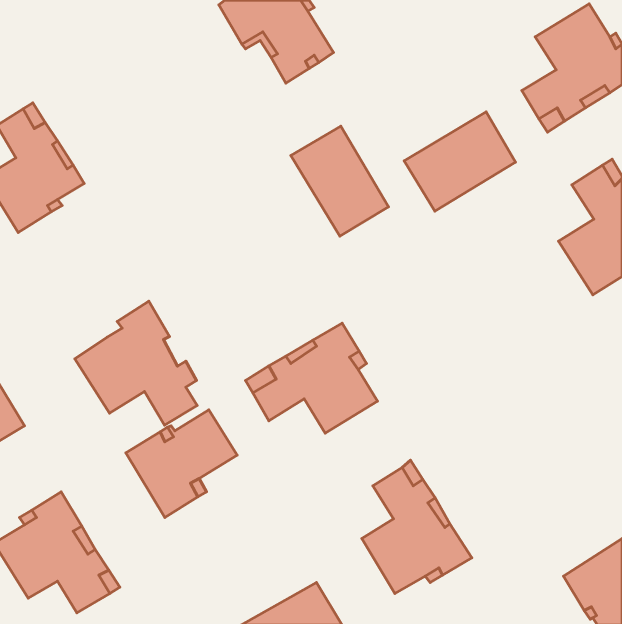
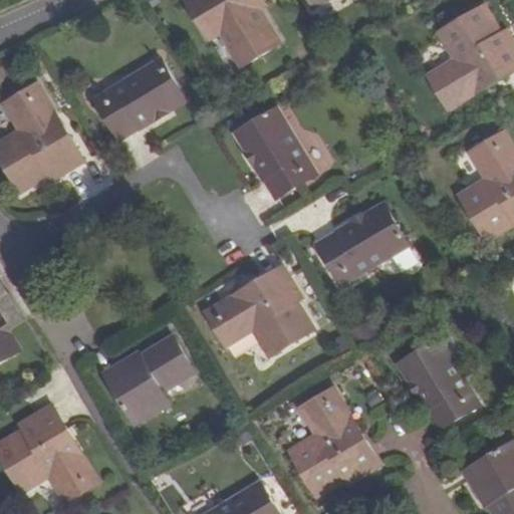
building: none -> [91,58,183,141]
building: [404,112,516,211] -> [316,204,408,285]
building: [75,301,197,425] -> none
building: none -> [410,330,489,422]

